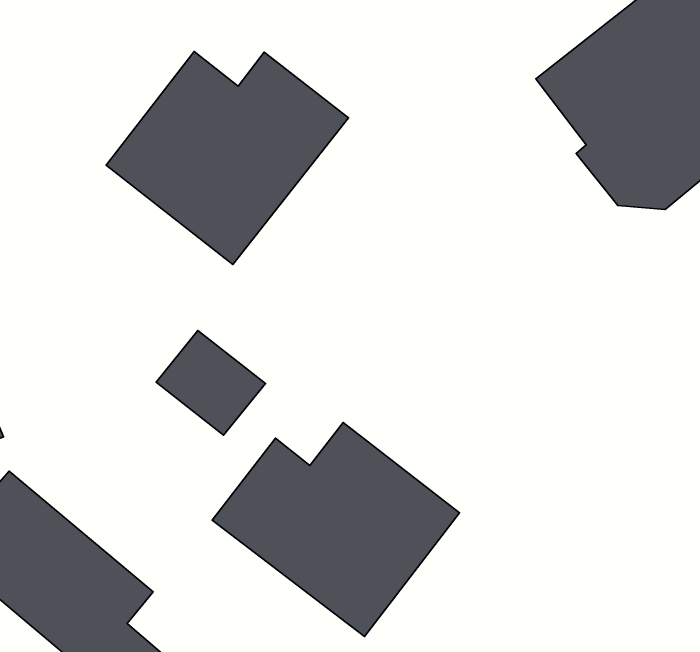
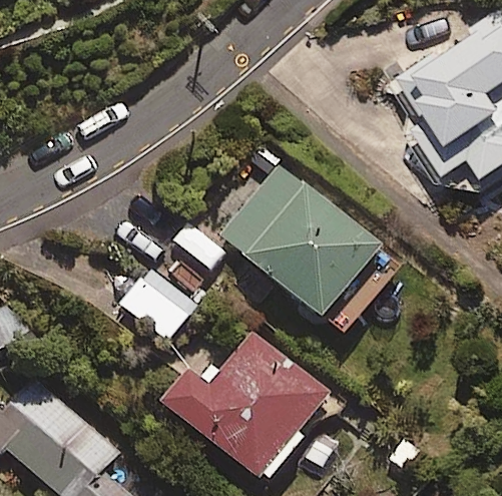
building: [106,52,348,264] -> none
building: none -> [219,161,404,335]

